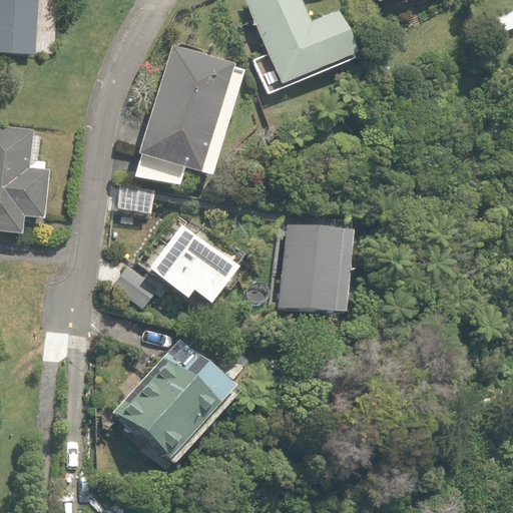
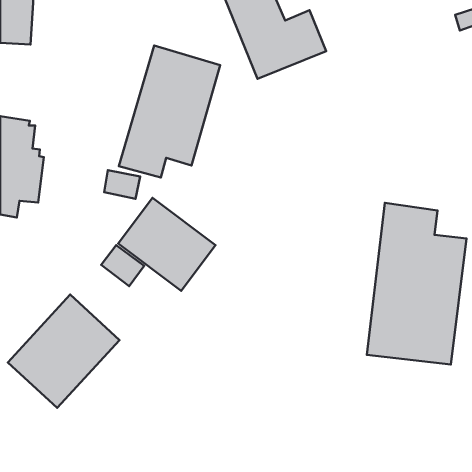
building: none -> [367,203,467,364]
building: [276,224,349,316] -> none
building: [113,338,233,460] -> [8,295,119,408]

